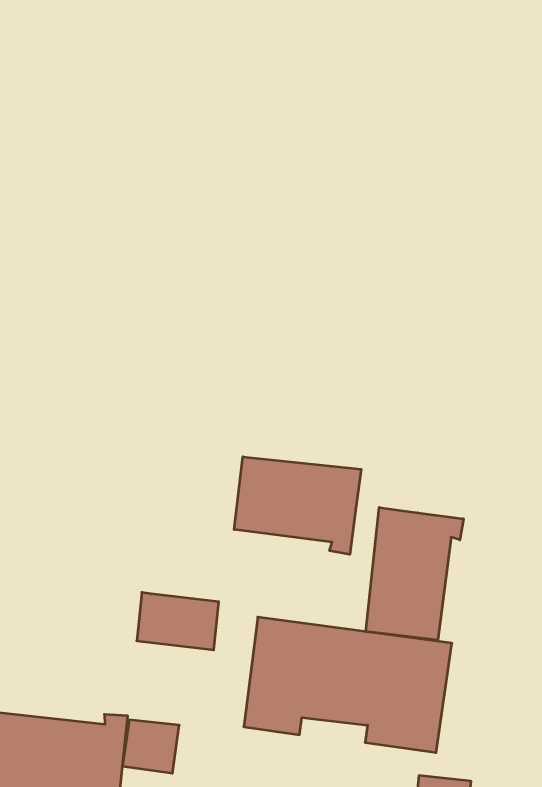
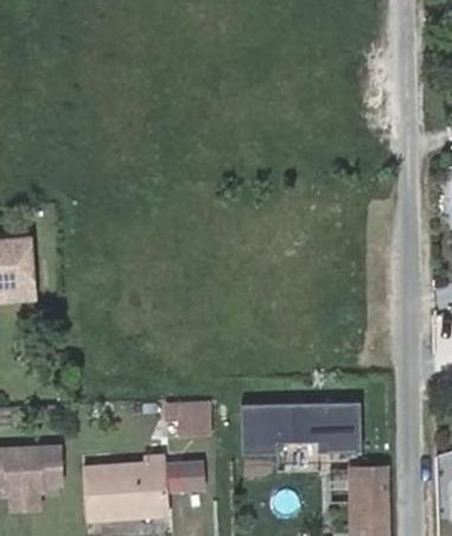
building: [234,457,361,554] -> none
building: [366,507,463,640] -> none

